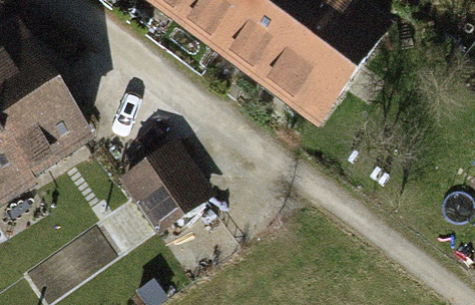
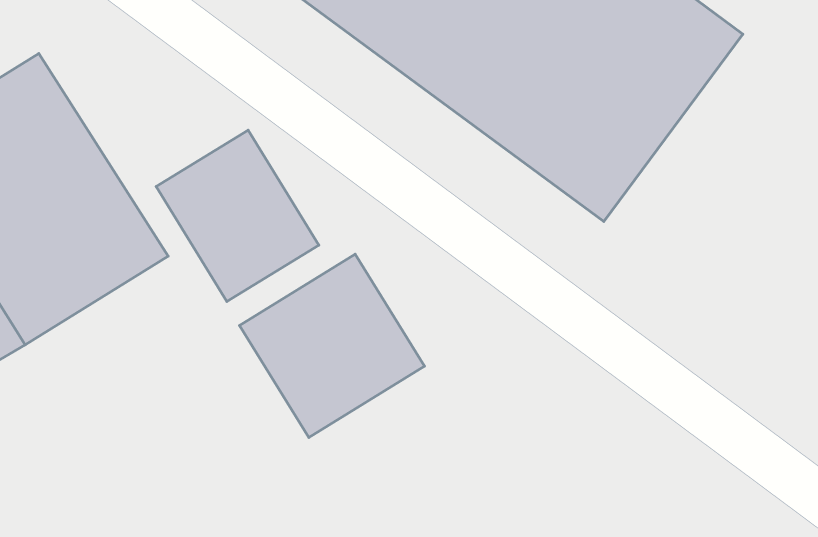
building: none -> [156,130,319,302]

